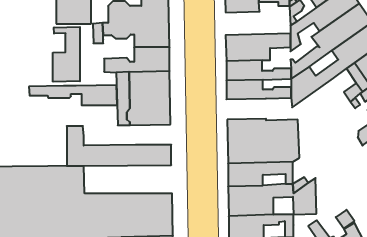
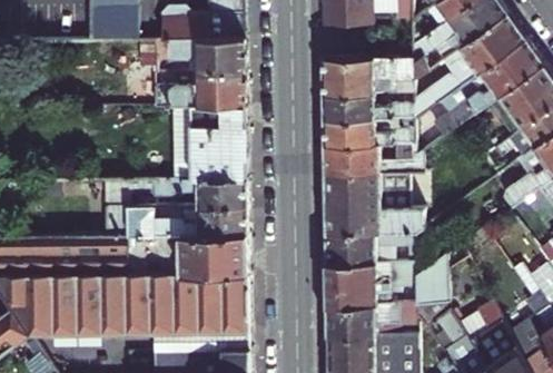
building: [53,27,80,82] -> none
building: [29,85,117,105] -> [127,180,248,208]
building: none -> [324,145,422,175]
building: none -> [128,236,249,275]

